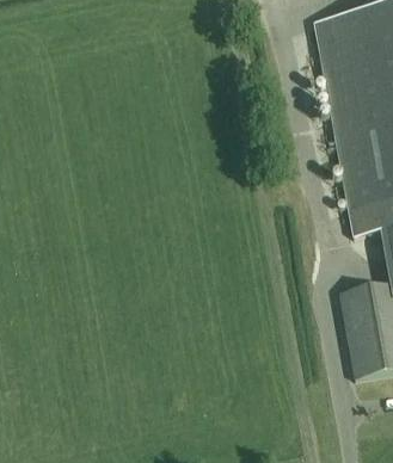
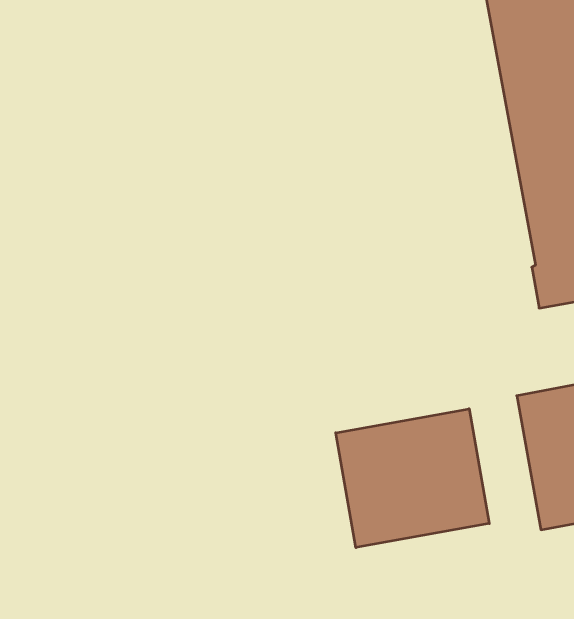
building: none -> [336,409,489,548]

